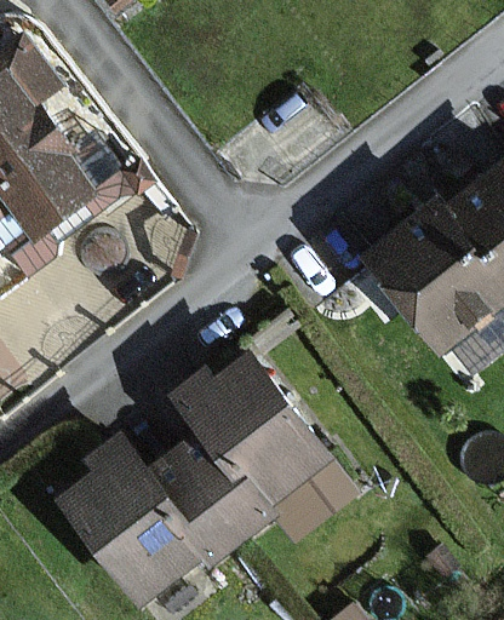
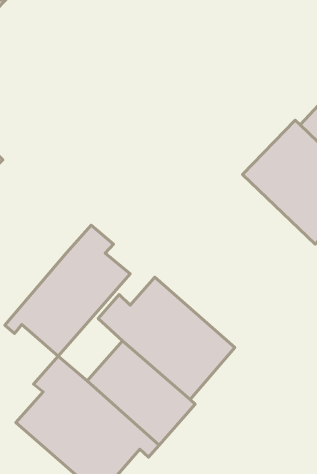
building: none -> [5,225,130,356]

